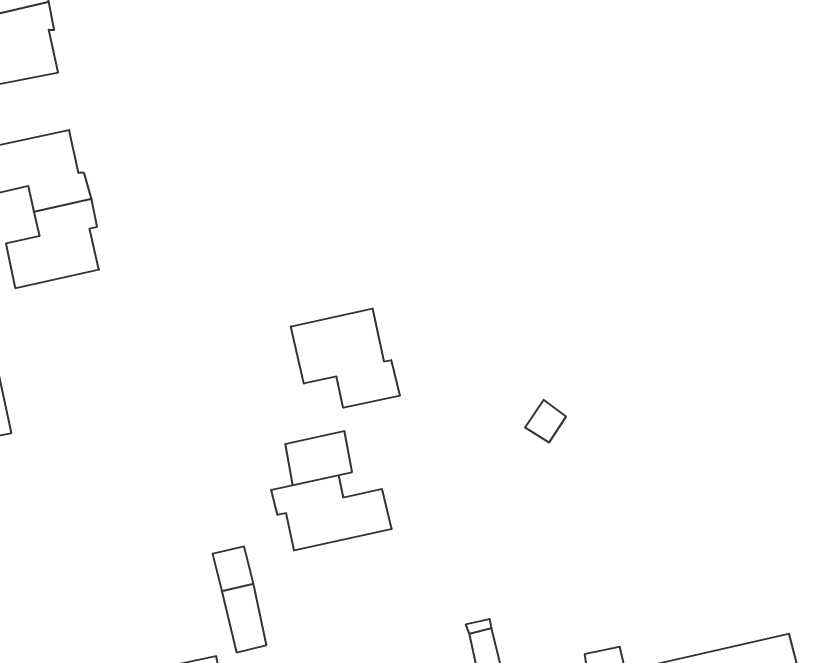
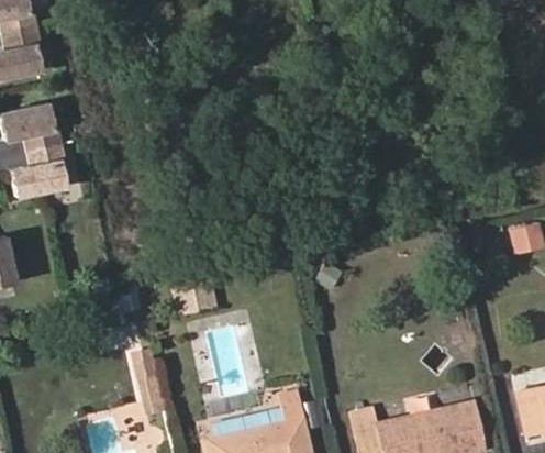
building: [291,308,400,408] -> none
building: [271,475,392,551] -> none

